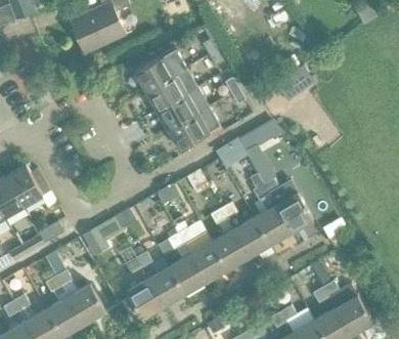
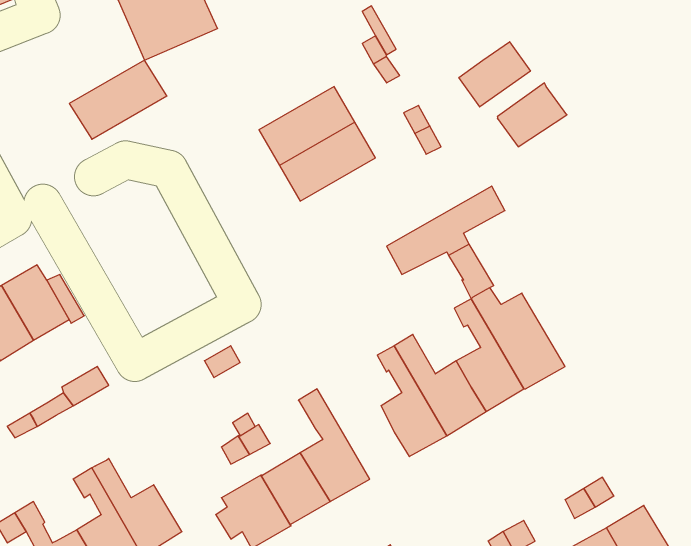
building: none -> [459,42,530,107]
building: [134,48,187,91] -> [69,60,167,139]
building: [169,107,221,150] -> none
building: [85,219,121,254] -> none
building: [178,220,228,282] -> none

